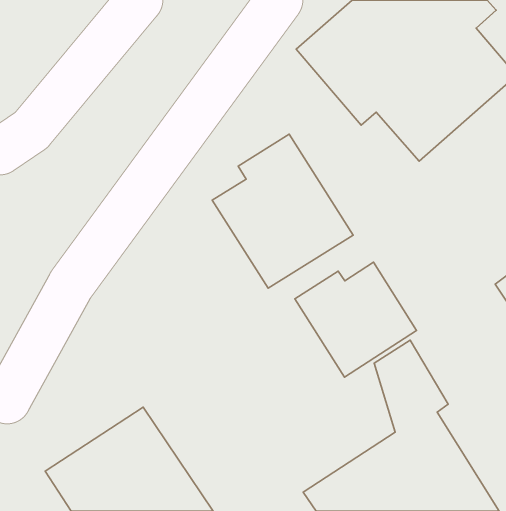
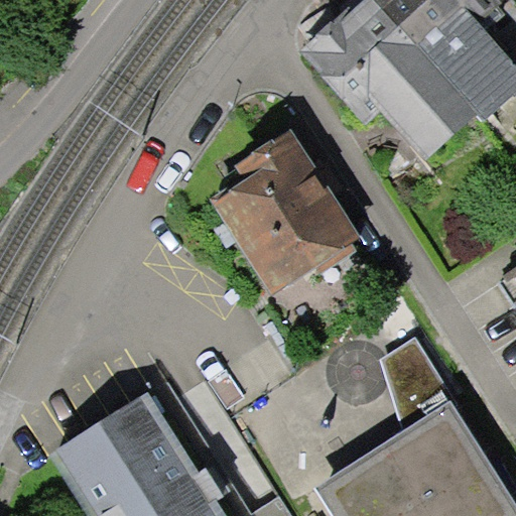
building: [295,262,417,377] -> none

